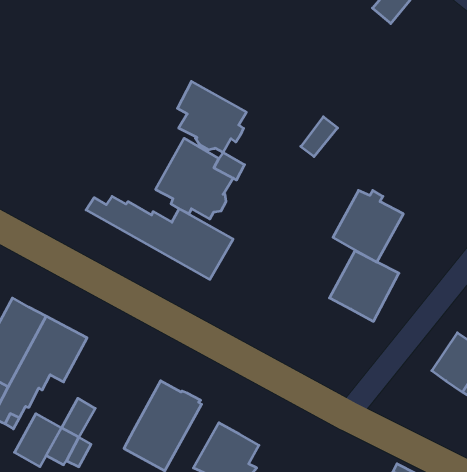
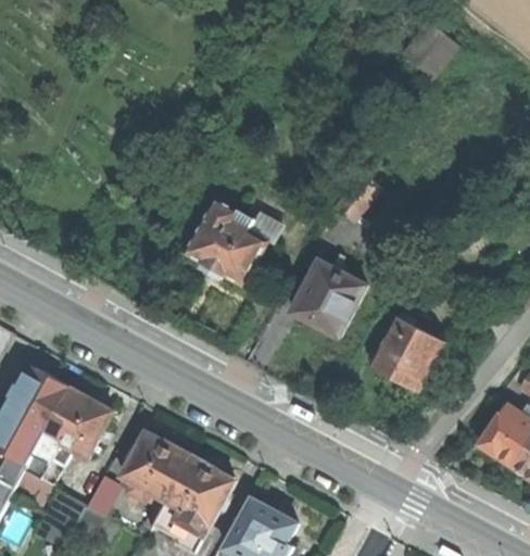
building: [177,81,246,153] -> none
building: [333,190,403,262] -> [290,260,365,336]
building: [86,196,233,279] -> none
building: none -> [121,429,189,507]

